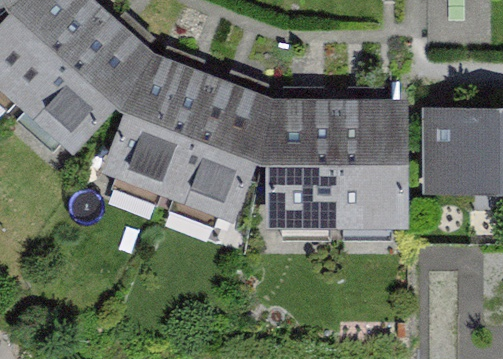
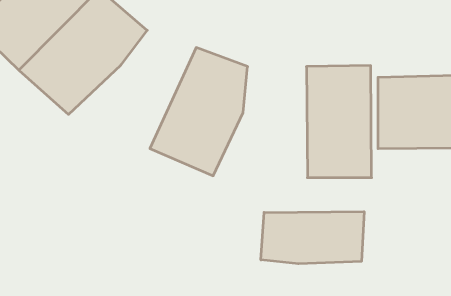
building: [103,59,218,190] -> none
building: [268,99,341,224] -> none
building: none -> [261,212,364,264]

